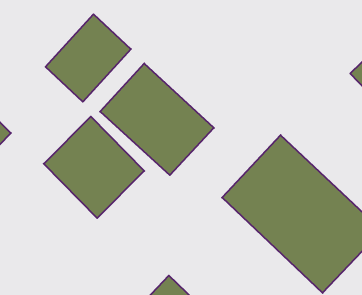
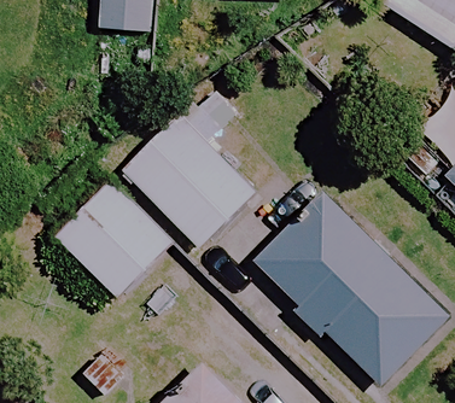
building: [46,14,131,102] -> none

